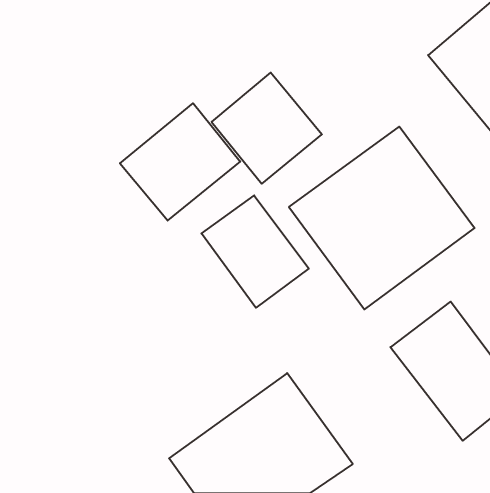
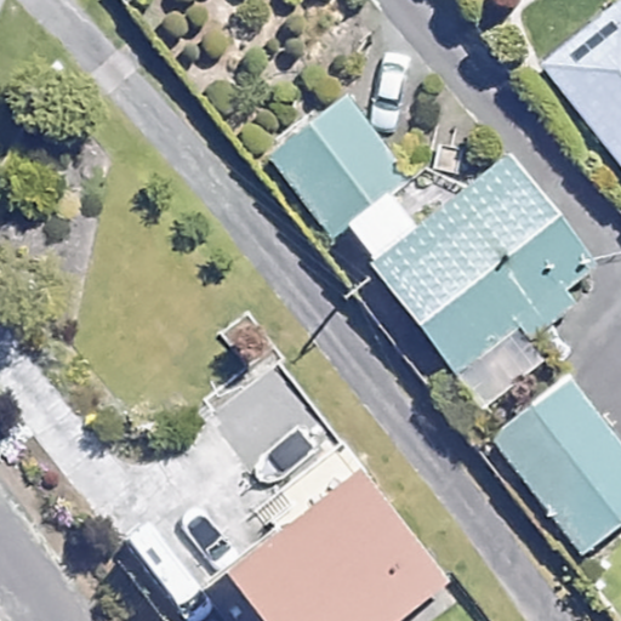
building: [120,103,240,221] -> none
building: [201,195,309,308] -> none

